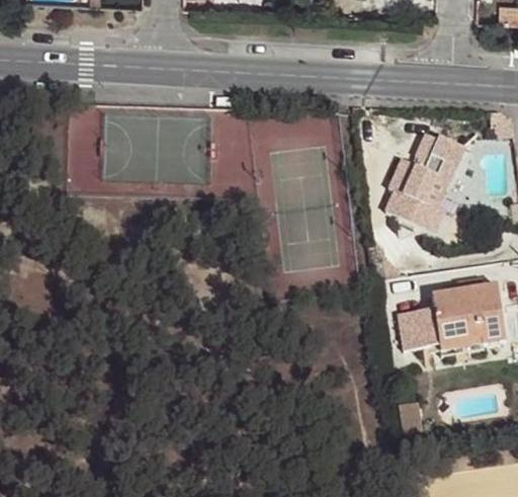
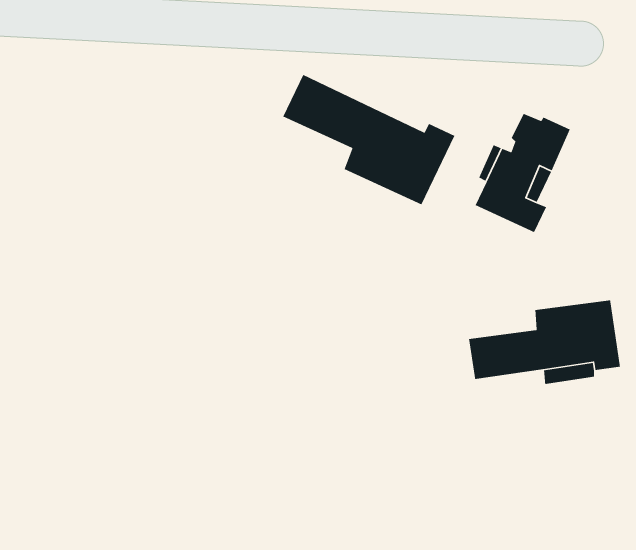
building: none -> [282,74,455,206]

